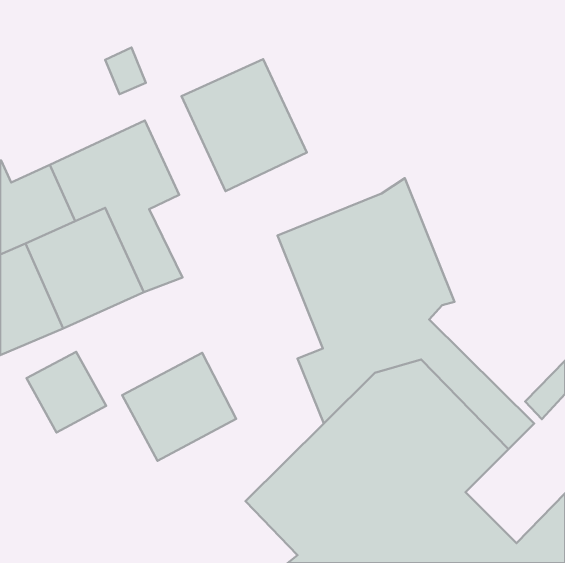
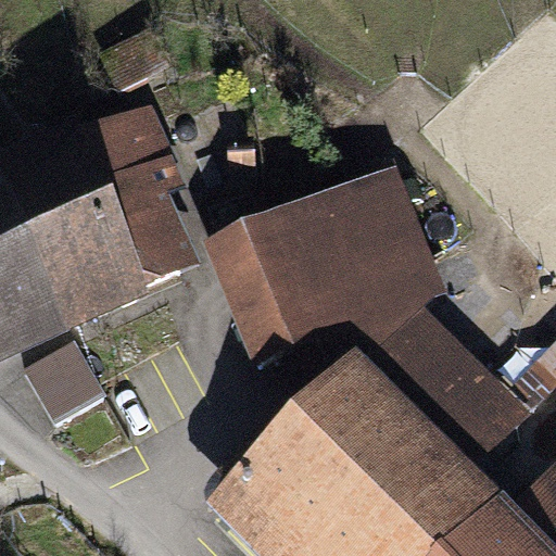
building: [181,59,307,191] -> none
building: none -> [218,231,317,364]
building: [122,353,236,461] -> none

